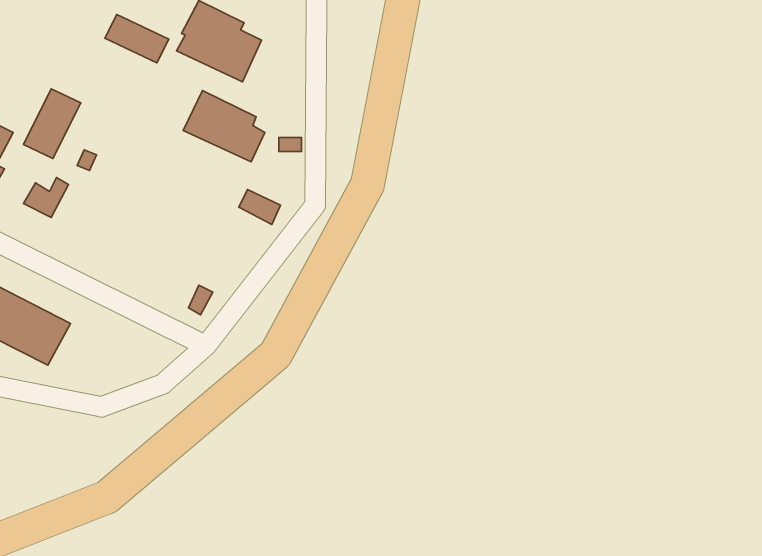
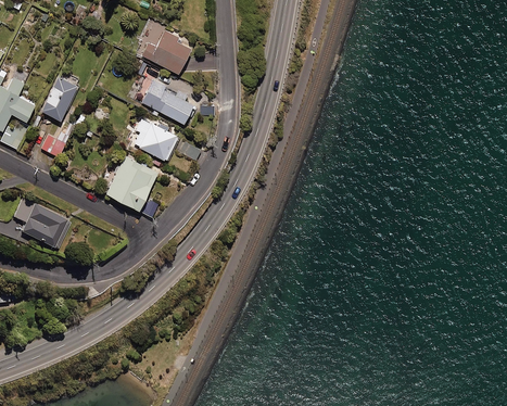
building: [105,15,169,63] -> none
building: none -> [135,122,176,160]
building: none -> [106,156,157,210]

